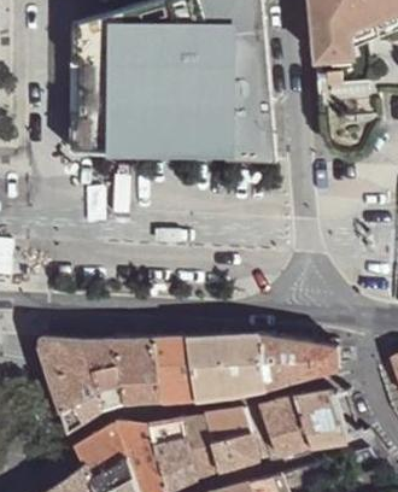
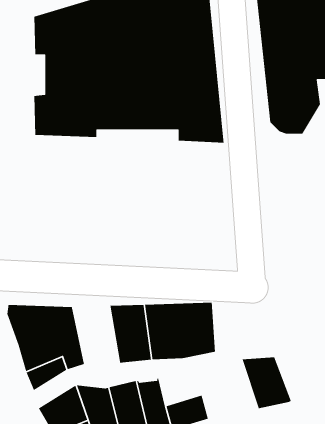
building: [263,335,339,390] -> none
building: [112,339,163,403] -> none
building: [258,397,312,461] -> none
building: [205,410,252,447] -> none

